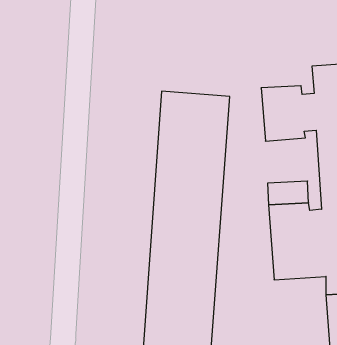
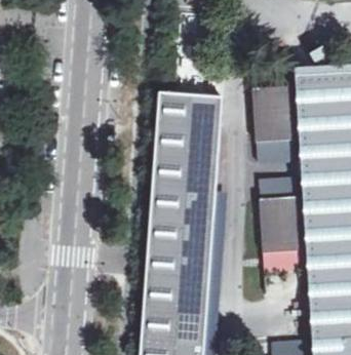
building: none -> [258,137,297,161]

